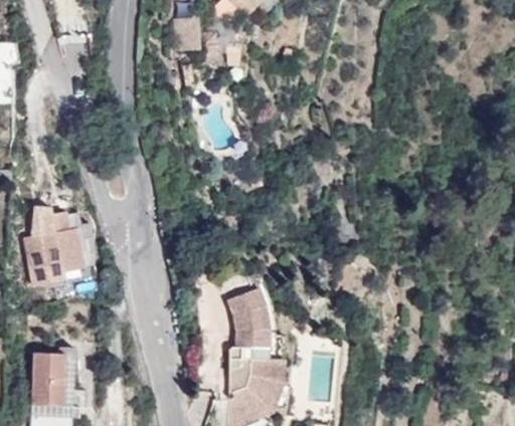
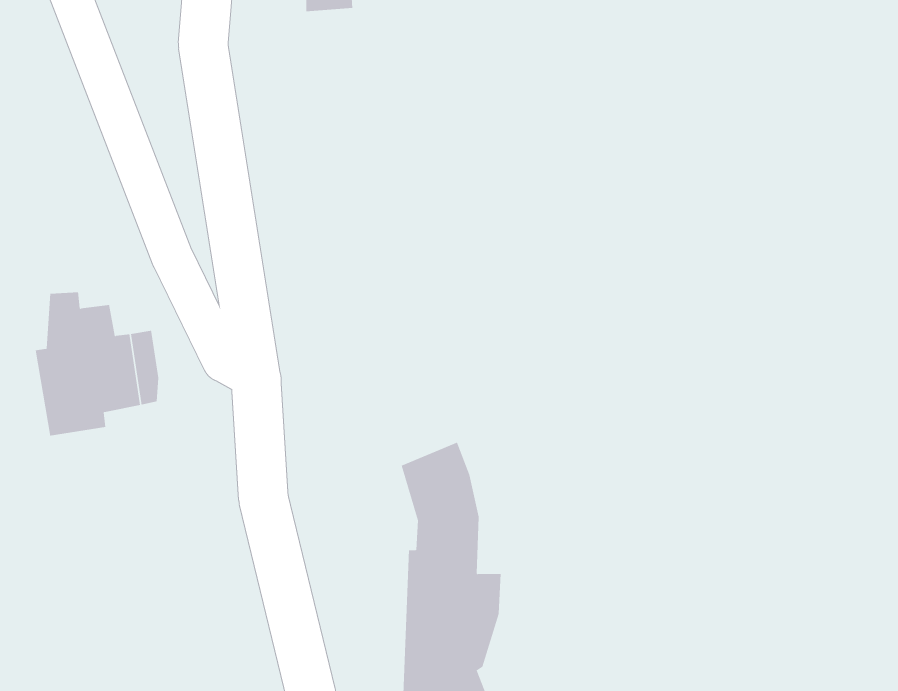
building: [32,352,65,405] -> none

